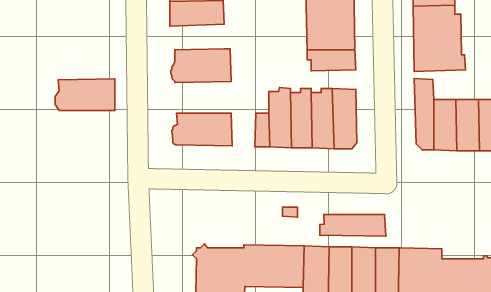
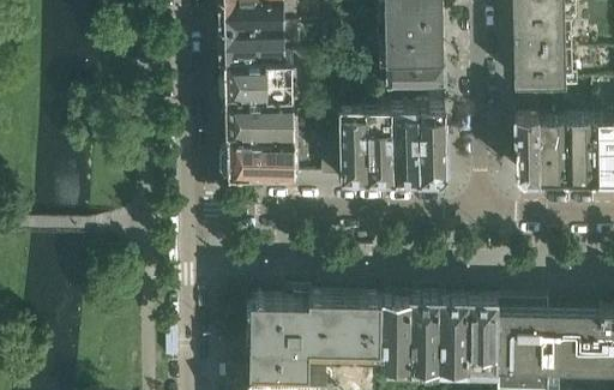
building: none -> [218,31,284,62]
building: [55,79,115,111] -> [221,101,293,139]
building: [320,214,386,236] -> none

